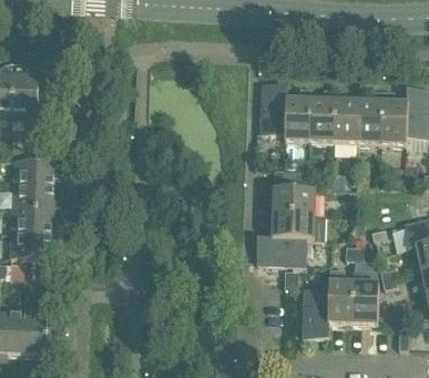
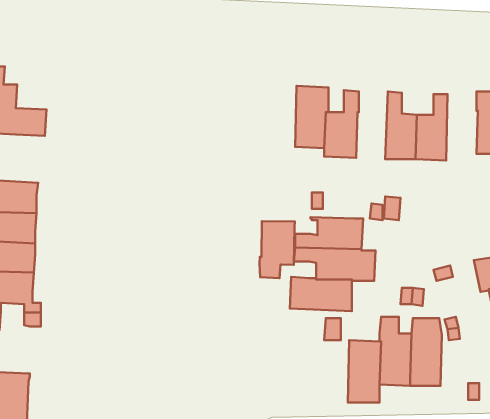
building: [309,88,335,142] -> none
building: [381,90,407,144] -> none
building: none -> [260,221,295,278]

